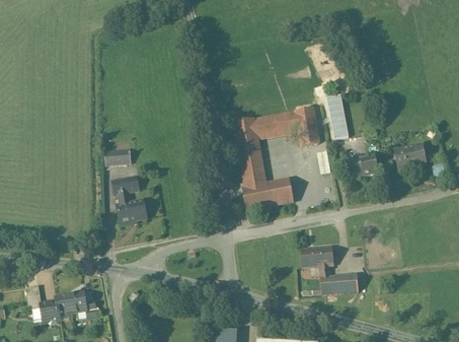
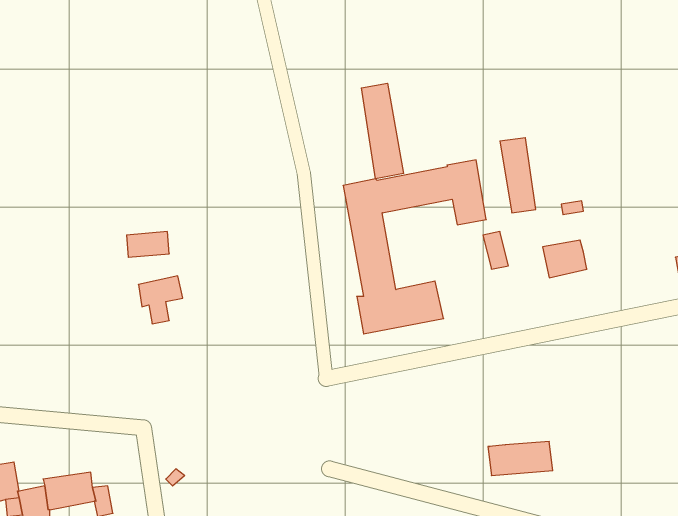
building: none -> [361,83,404,179]
building: [393,143,426,172] -> none
building: [117,200,146,224] -> none
building: [301,247,332,277] -> none

